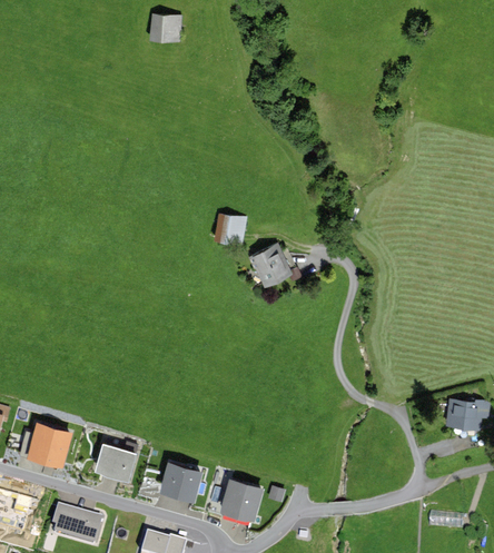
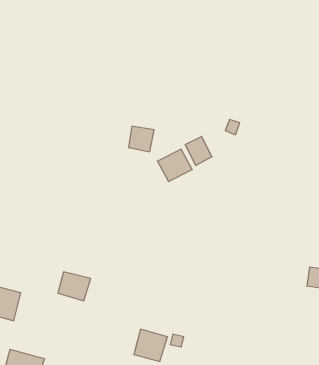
building: none -> [185,136,212,166]
building: [93,444,137,482] -> [58,272,91,301]
building: [159,463,201,502] -> none

